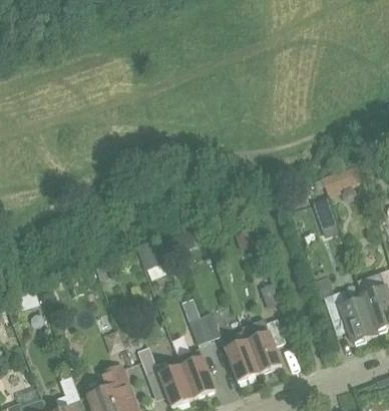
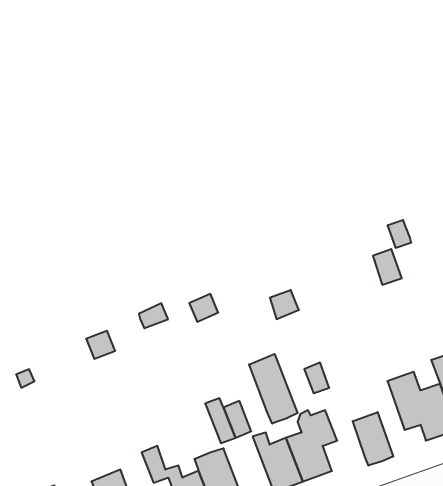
building: none -> [249,354,298,424]
building: none -> [353,412,393,466]

